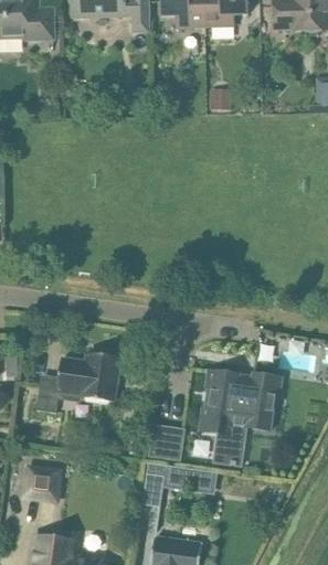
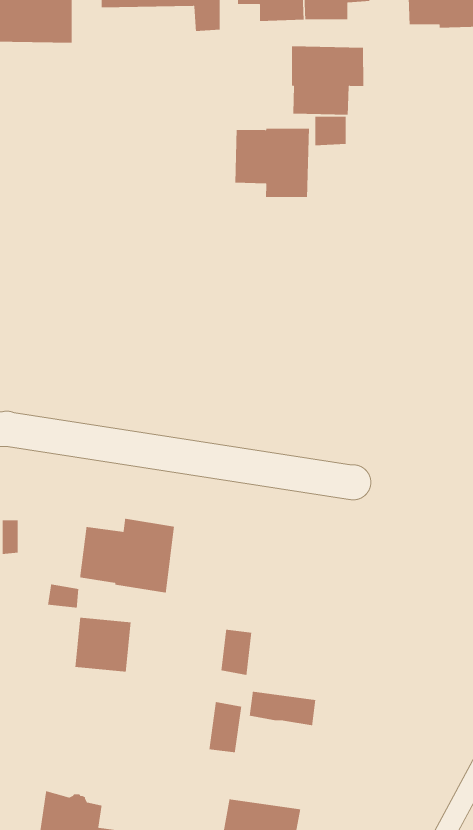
building: none -> [291,45,364,115]
building: none -> [234,128,310,198]
building: [199,369,282,465] -> none
building: [23,465,61,501] -> [74,617,132,672]

